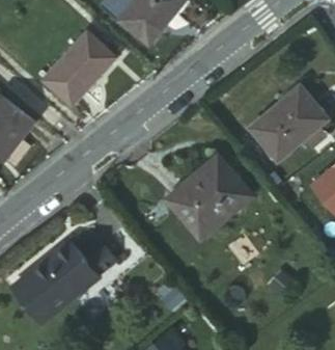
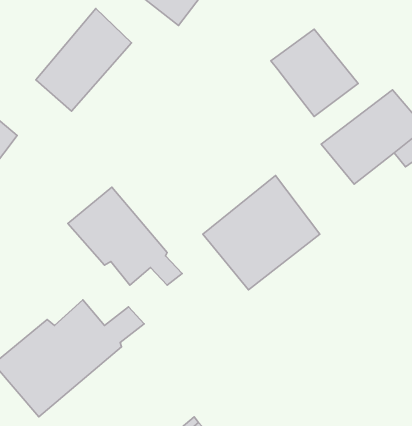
building: none -> [271,29,358,116]
building: none -> [68,187,182,285]

